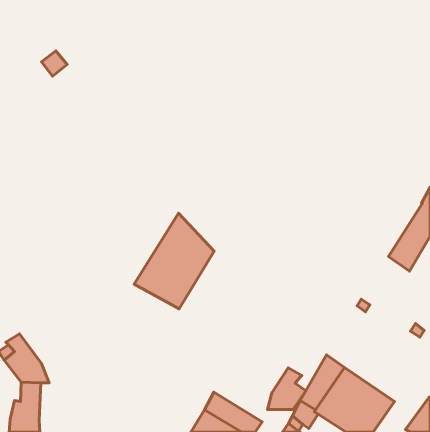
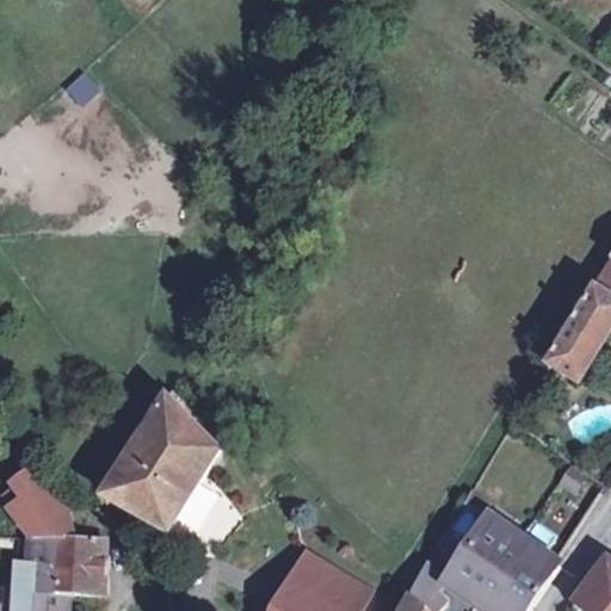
building: [134,213,214,309] -> [104,395,216,530]
building: [268,368,306,410] -> none
building: none -> [55,538,101,595]

